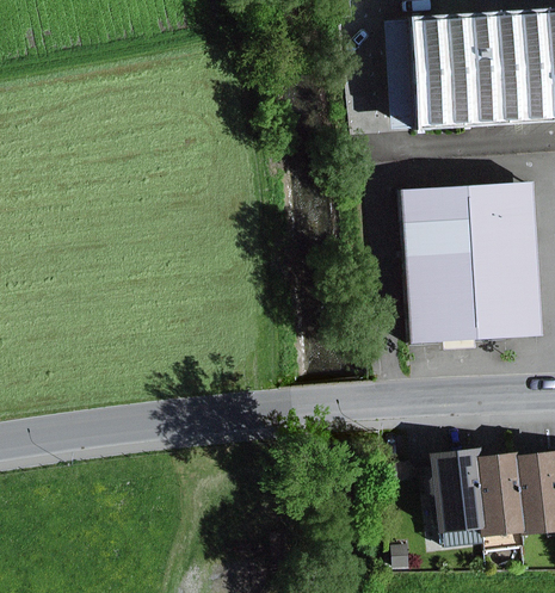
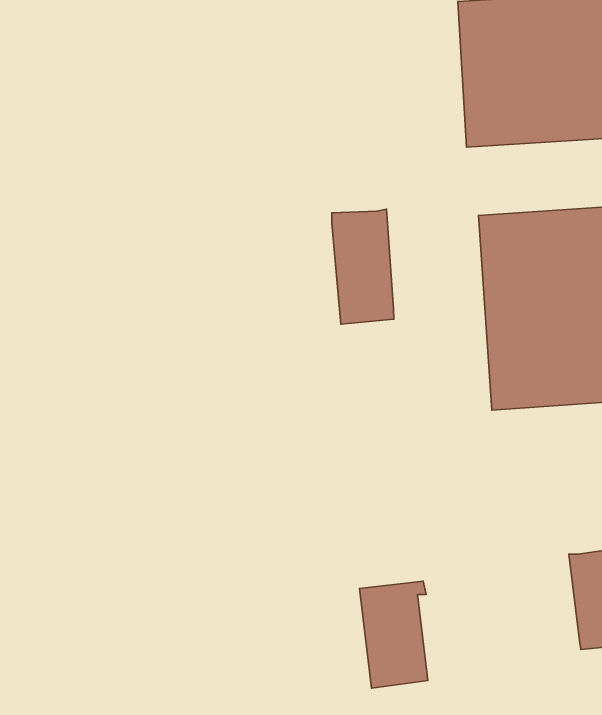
building: none -> [332,209,394,324]
building: [426,449,481,535] -> [360,581,428,688]

